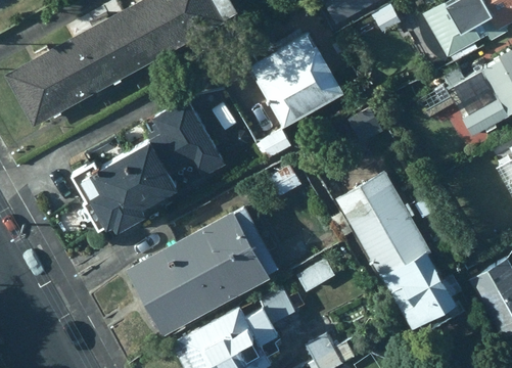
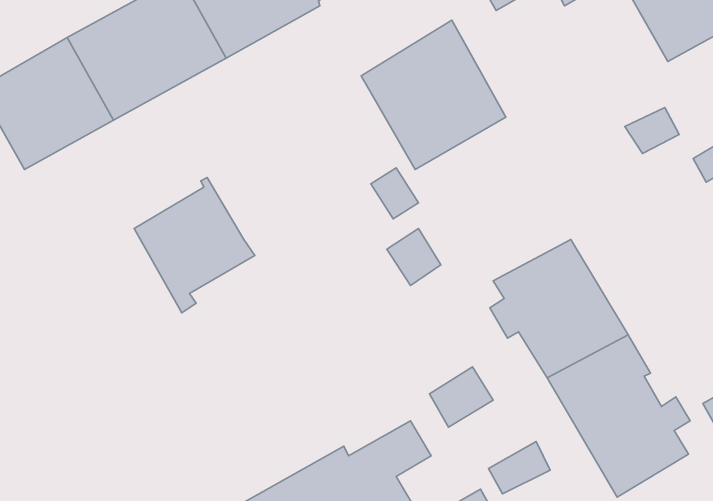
building: [150,98,224,178] -> none
building: [69,163,134,232] -> none
building: [126,205,279,335] -> none

